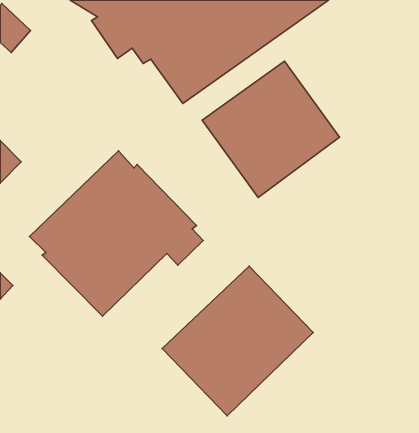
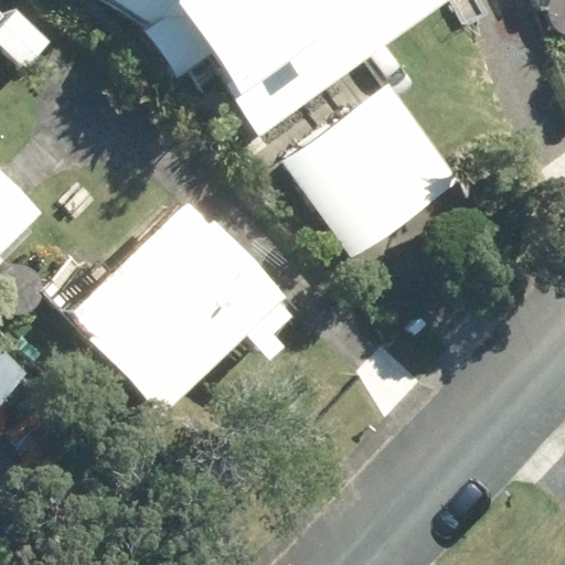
building: [162,266,313,416] -> none

